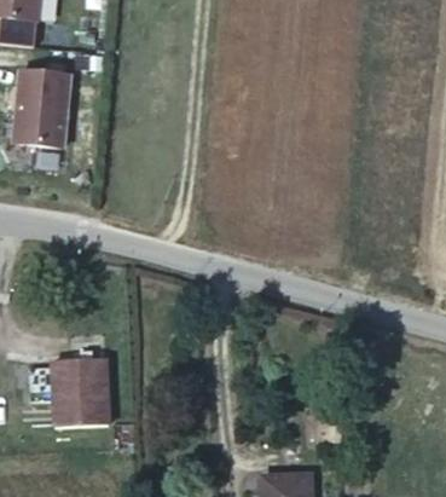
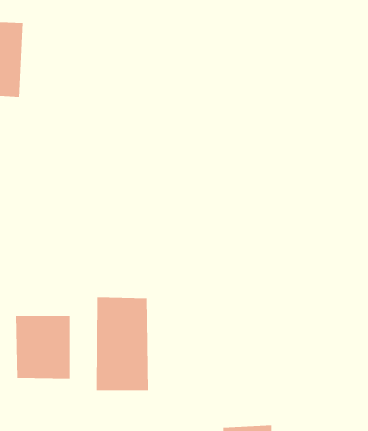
building: none -> [96,297,148,391]

